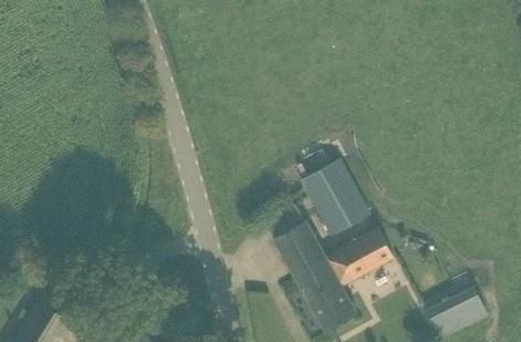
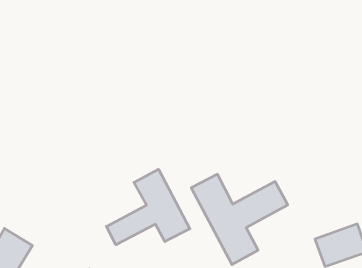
building: [301,160,368,236] -> none
building: none -> [106,169,190,245]

